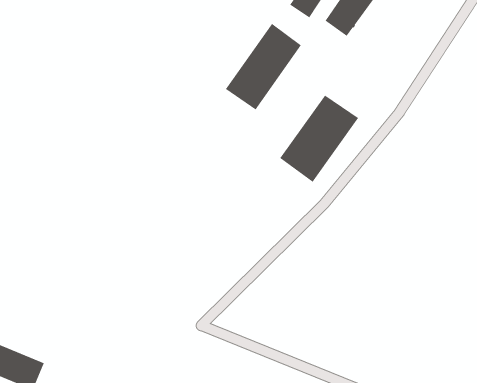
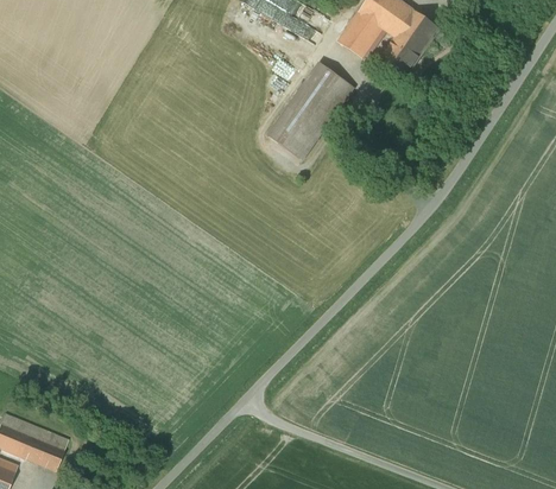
building: [279,94,359,183] -> none

